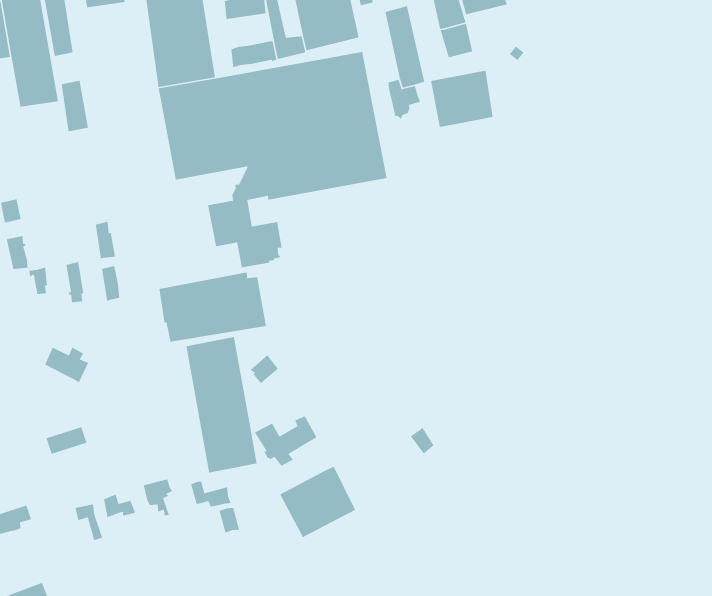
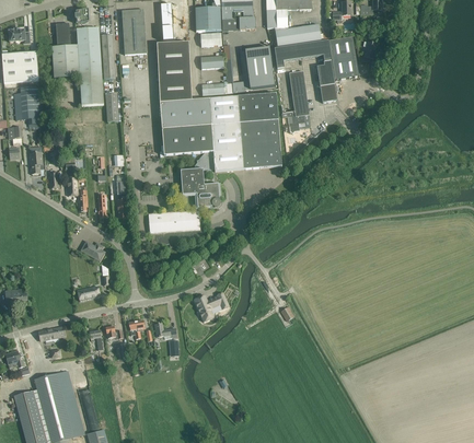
building: [430,70,494,128] -> none
building: [186,336,257,473] -> none
building: [279,465,356,538] -> none

